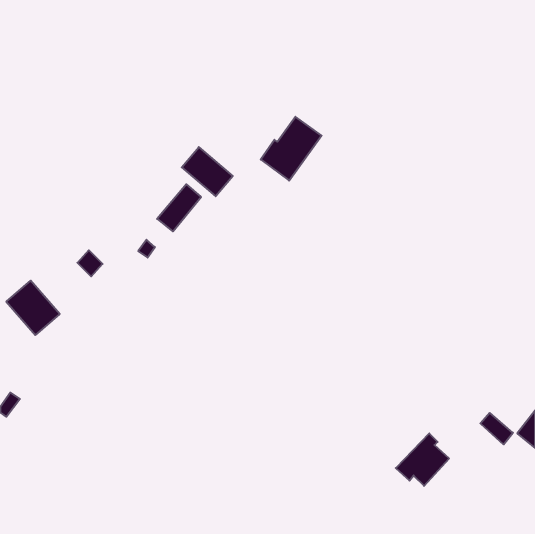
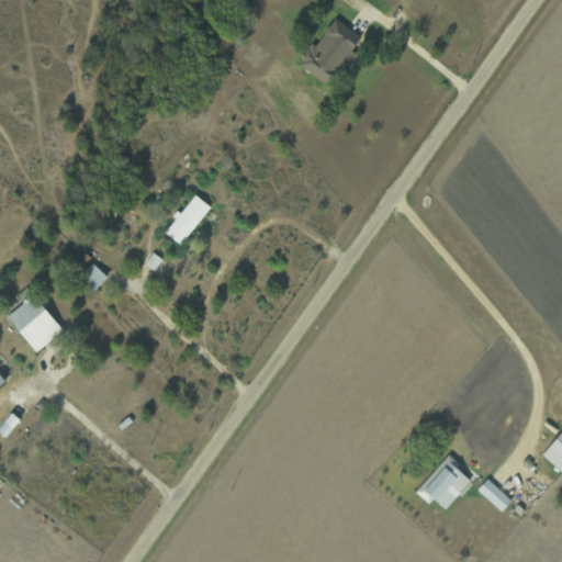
building: [261,117,322,181] -> [299,18,362,85]
building: [182,147,233,196] -> none
building: [480,413,513,444] -> [477,479,512,512]

